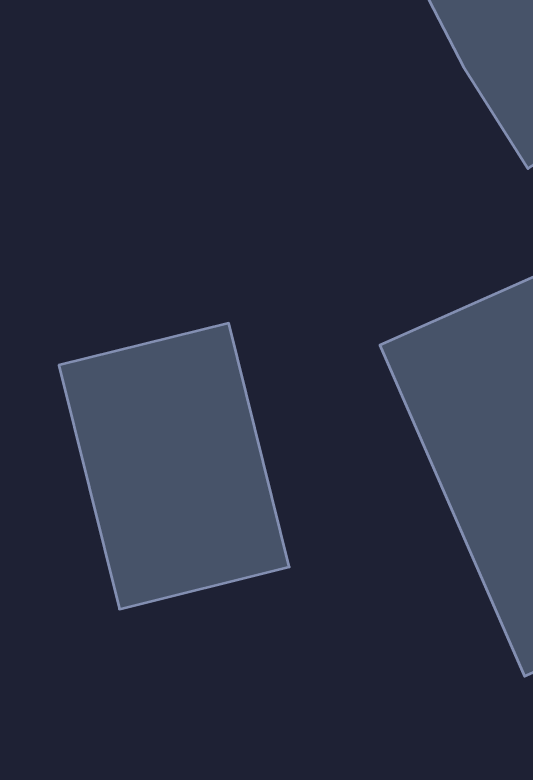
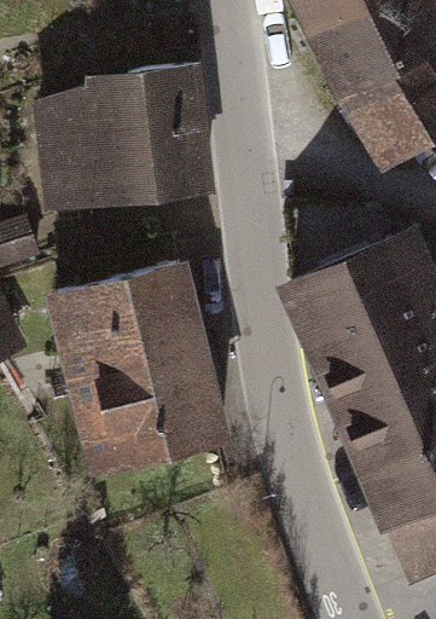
building: none -> [51,75,203,208]

